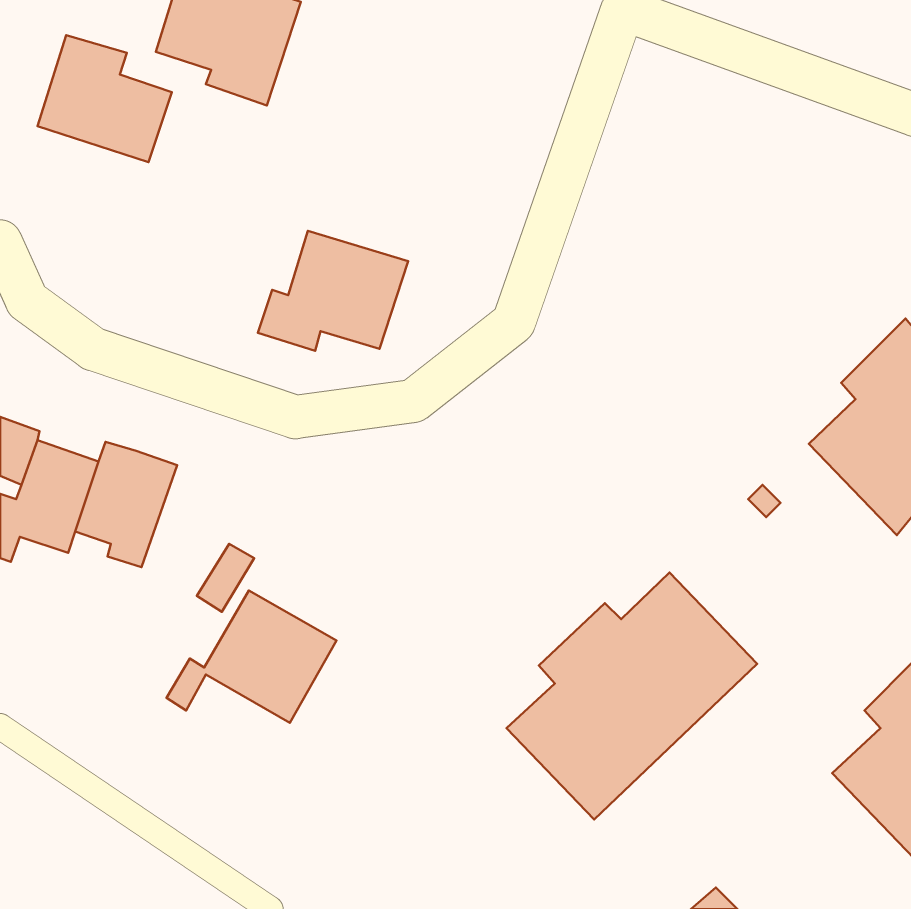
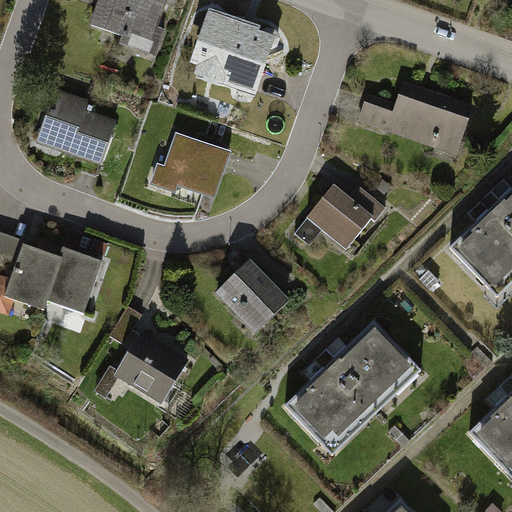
building: none -> [192,13,273,89]
building: [37,35,172,162] -> [39,92,114,163]
building: none -> [357,79,475,157]
building: none -> [295,183,387,250]
building: none -> [213,258,291,335]

